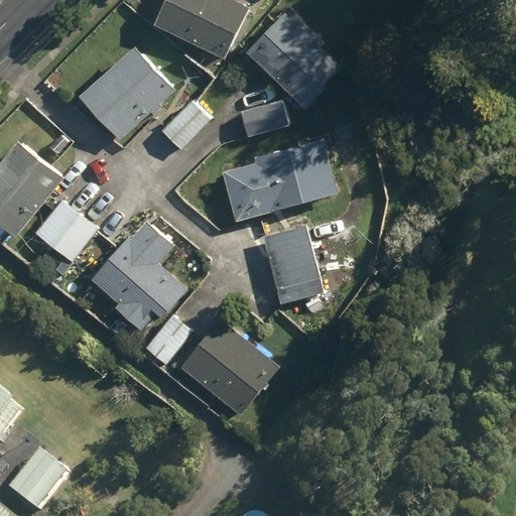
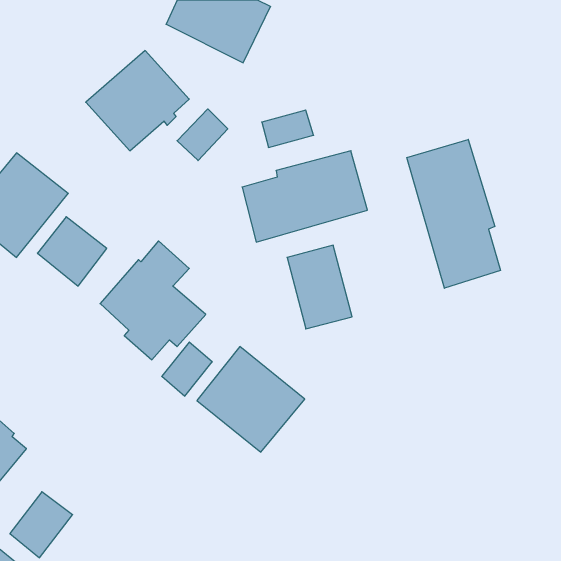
building: [245,13,341,108] -> none
building: none -> [407,139,501,288]

